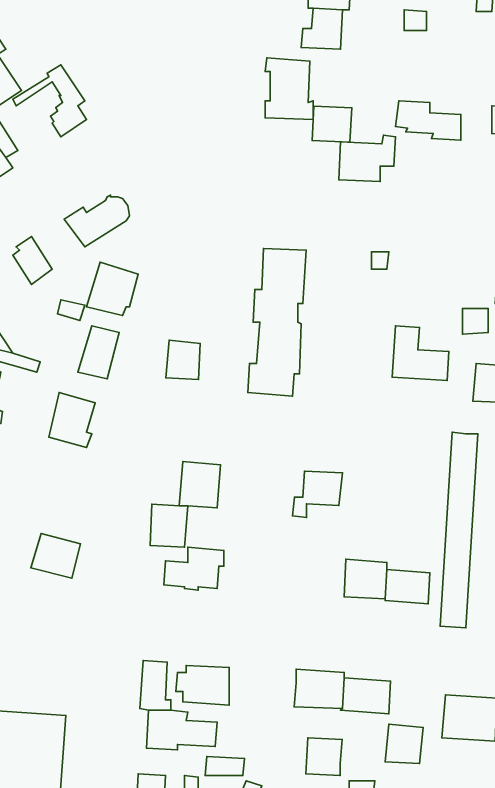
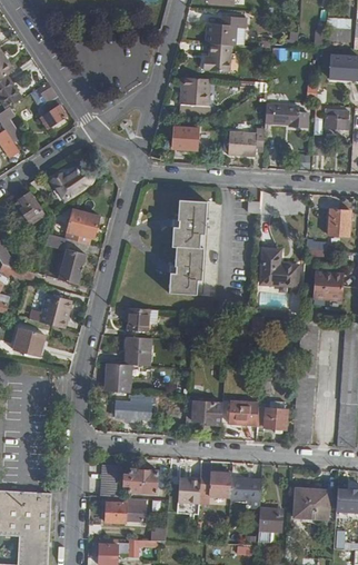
building: [312,106,352,142] -> [171,125,197,148]
building: [166,340,200,379] -> [126,307,148,333]
building: [293,471,342,518] -> [183,399,216,429]
building: [31,534,81,578] -> [12,327,44,356]
building: [306,738,342,776] -> [176,479,199,504]

